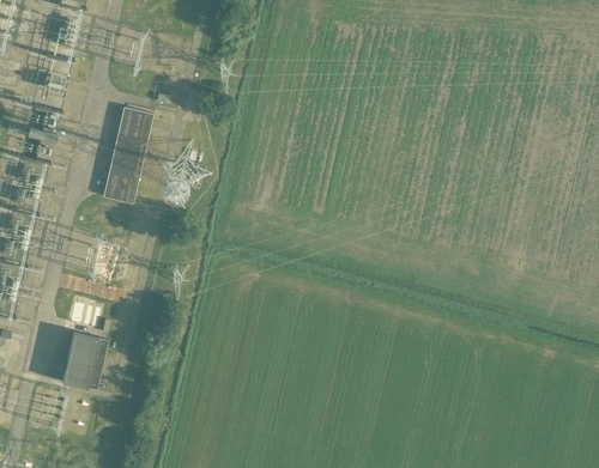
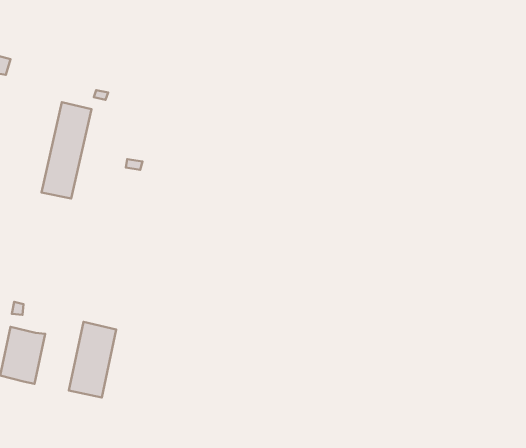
building: none -> [69,322,116,397]

